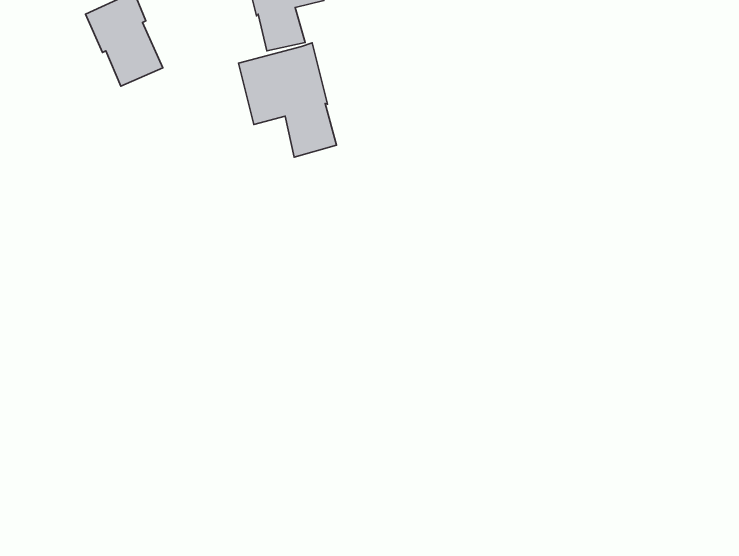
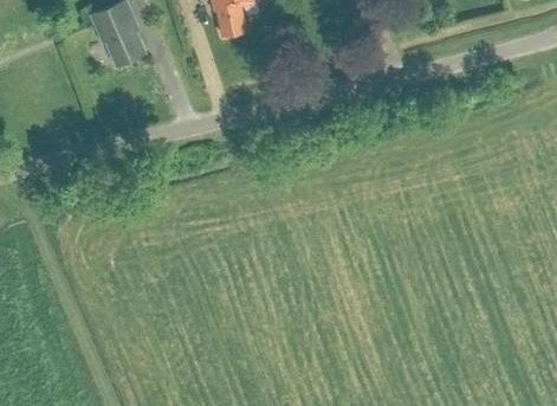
building: [238,43,336,157] -> none

